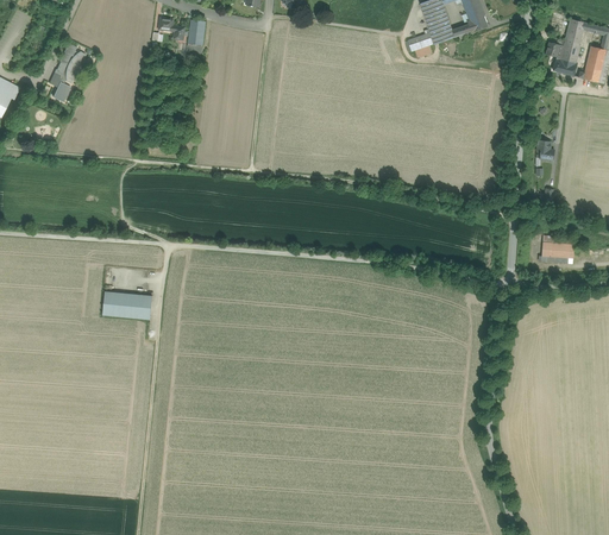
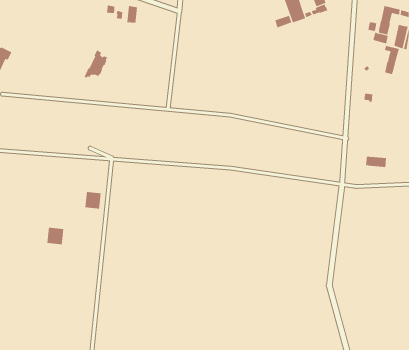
building: [49,42,84,86] -> [84,50,108,79]
building: none -> [384,45,399,75]
building: [102,290,128,316] -> [47,227,64,245]

